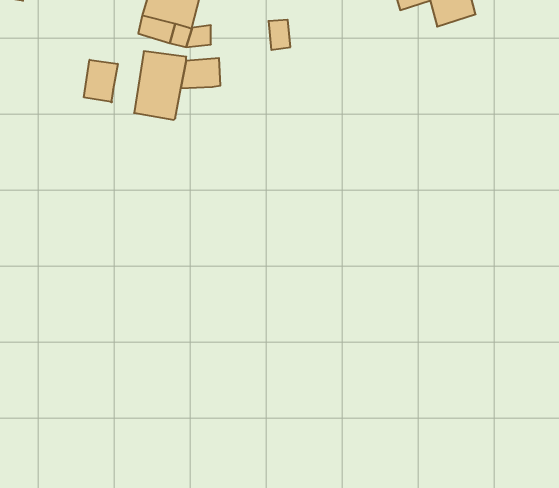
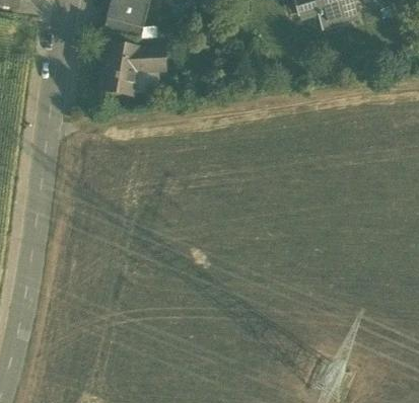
building: [84,60,118,102] -> none
building: none -> [132,67,160,90]

